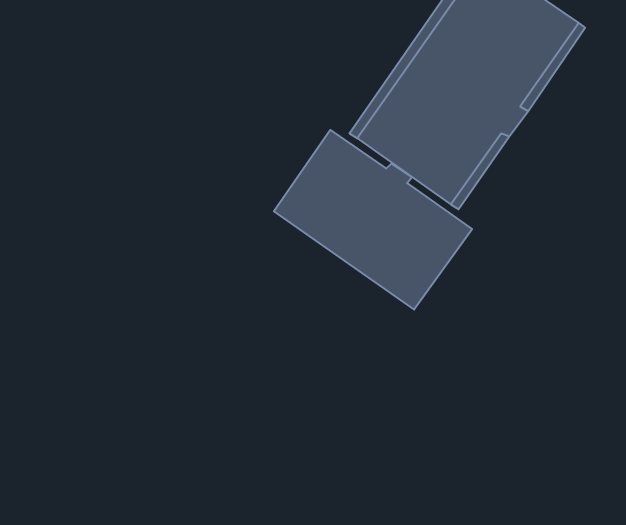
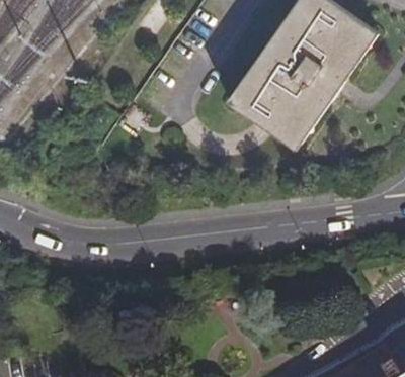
building: [274,130,472,310] -> none

